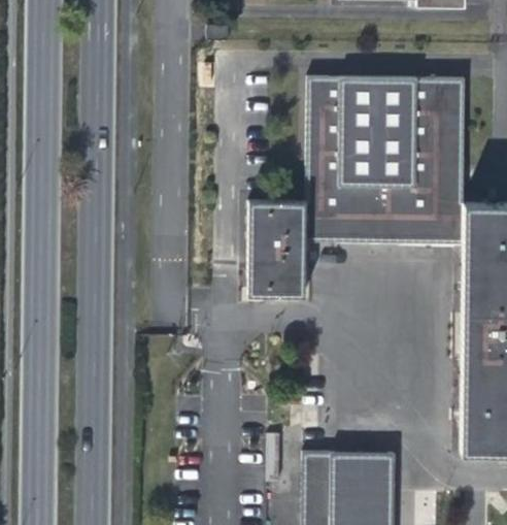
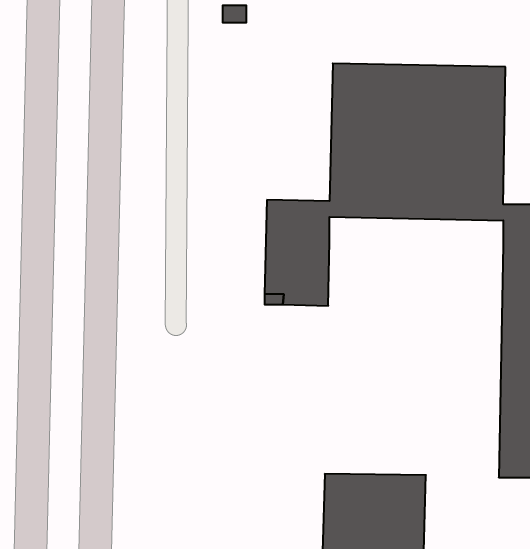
building: [307,216,465,241] -> none

